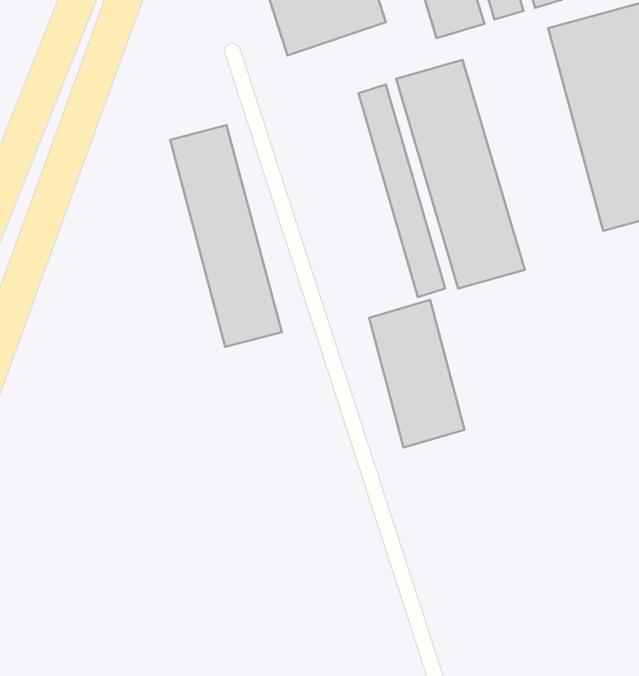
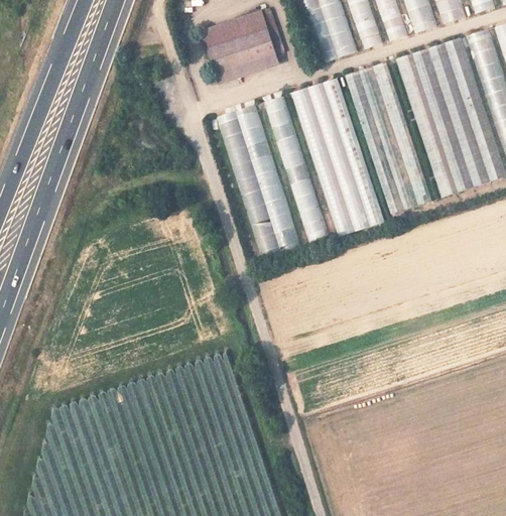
building: none -> [350,61,430,215]
building: [170,125,282,347] -> [221,104,298,258]
building: [369,300,465,448] -> none

